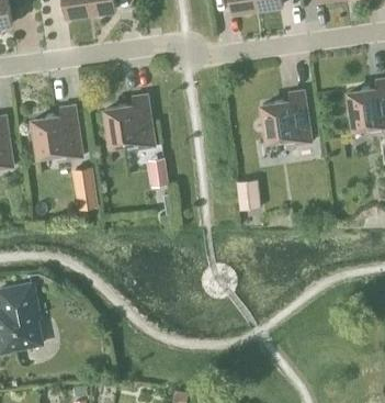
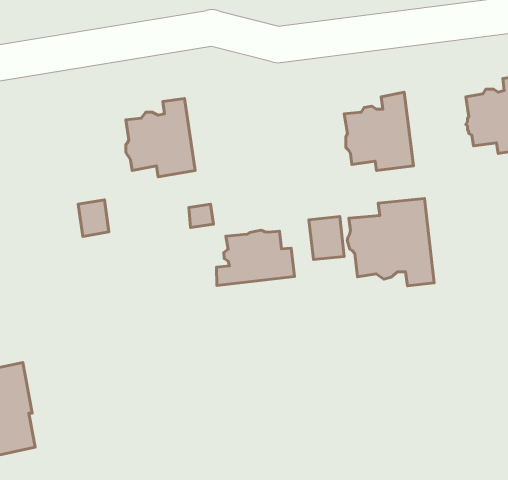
building: [33,105,82,161] -> none
building: none -> [347,198,434,286]
building: none -> [217,230,294,285]

